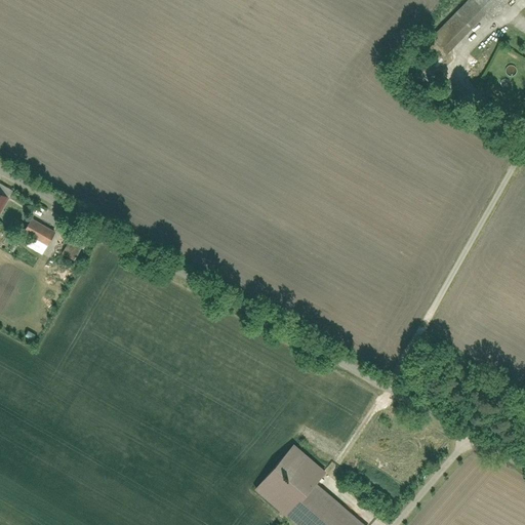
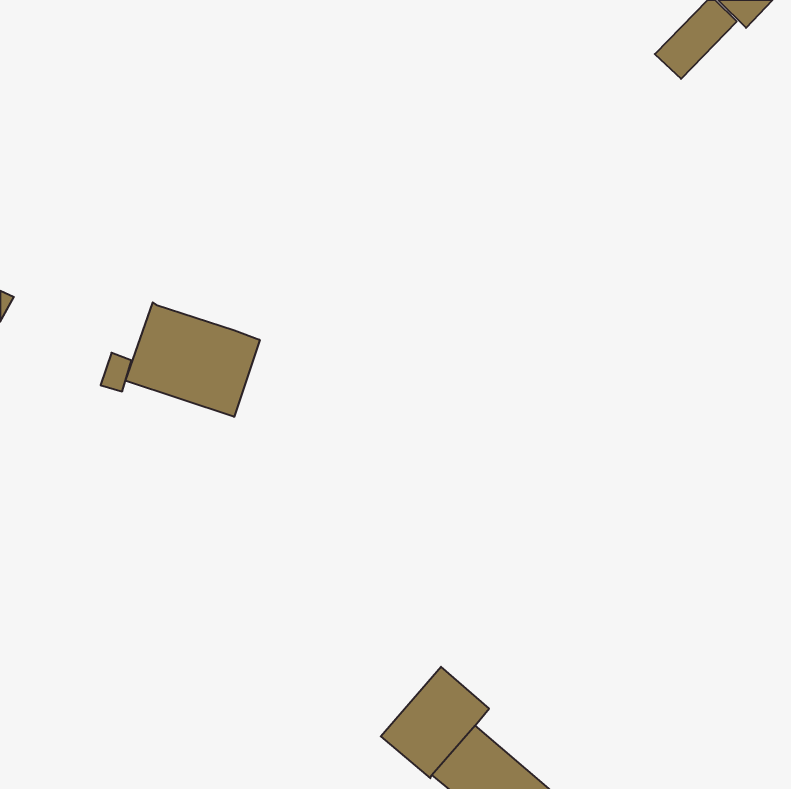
building: none -> [125,302,260,417]
building: [24,218,57,247] -> none

